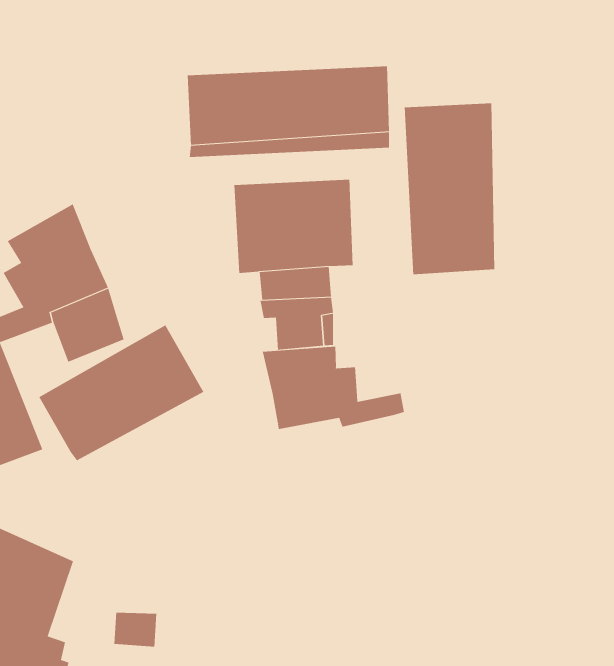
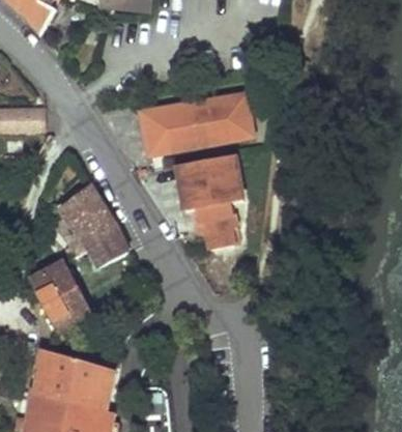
building: [404,102,495,275] -> none
building: [39,324,204,461] -> none
building: [262,346,404,430] -> none

